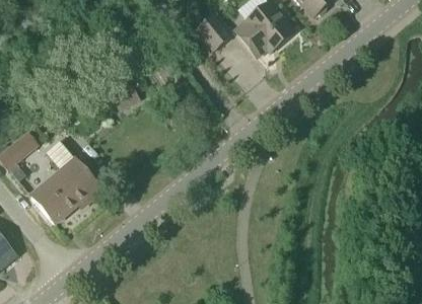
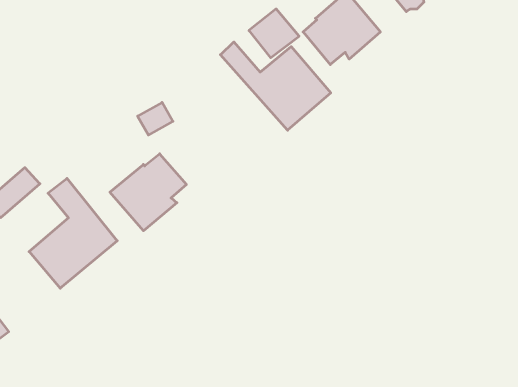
building: none -> [220,42,331,130]
building: none -> [110,154,186,231]

